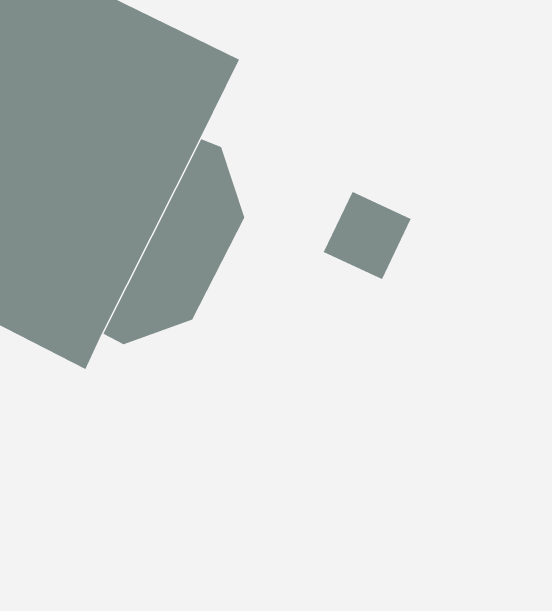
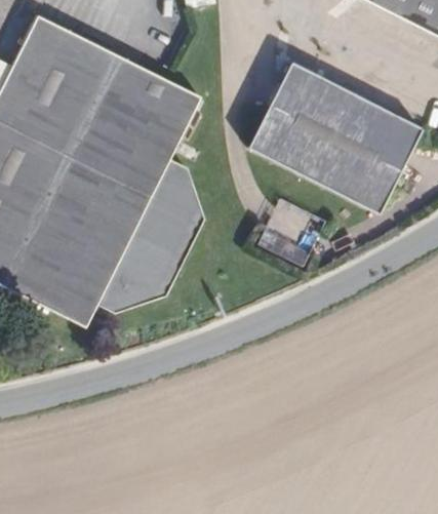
building: none -> [247,63,423,212]

